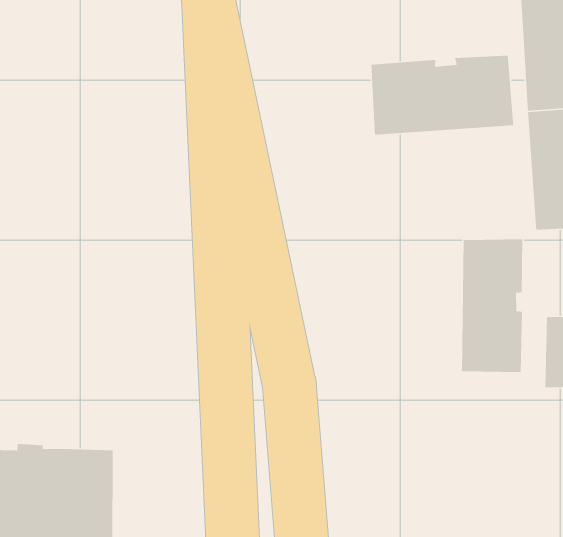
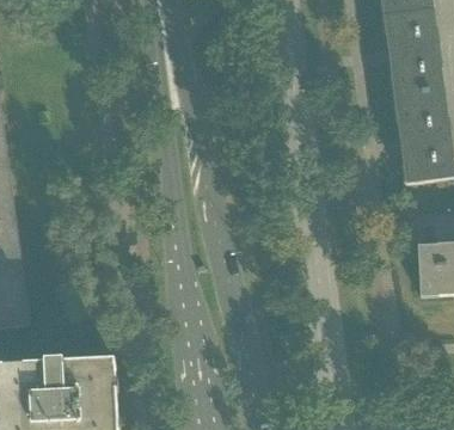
building: [370,55,514,136] -> none
building: [461,239,523,373] -> none

